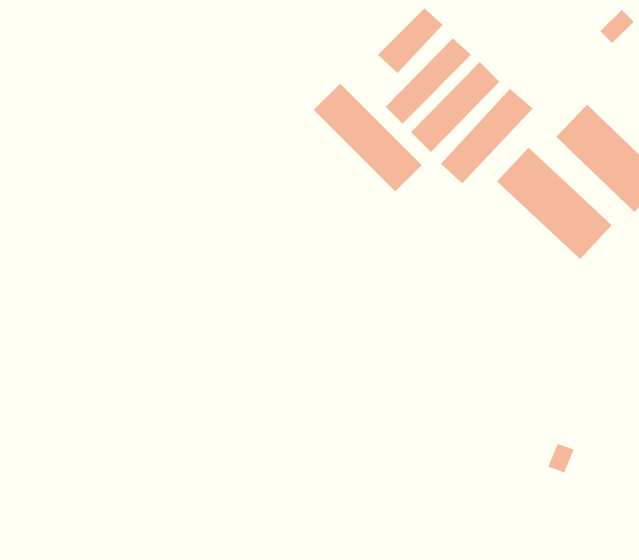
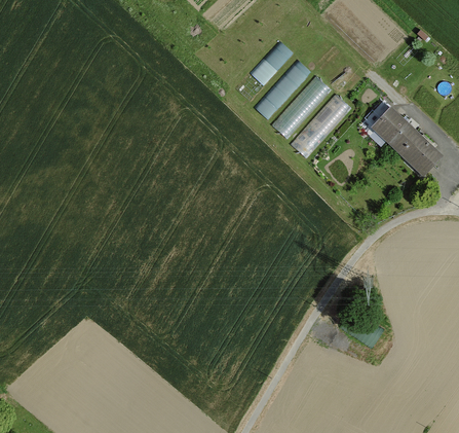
building: [313,83,423,192] -> none
building: [496,147,613,260] -> none

